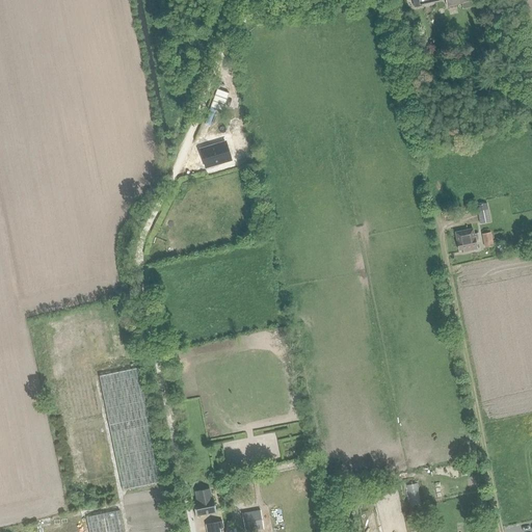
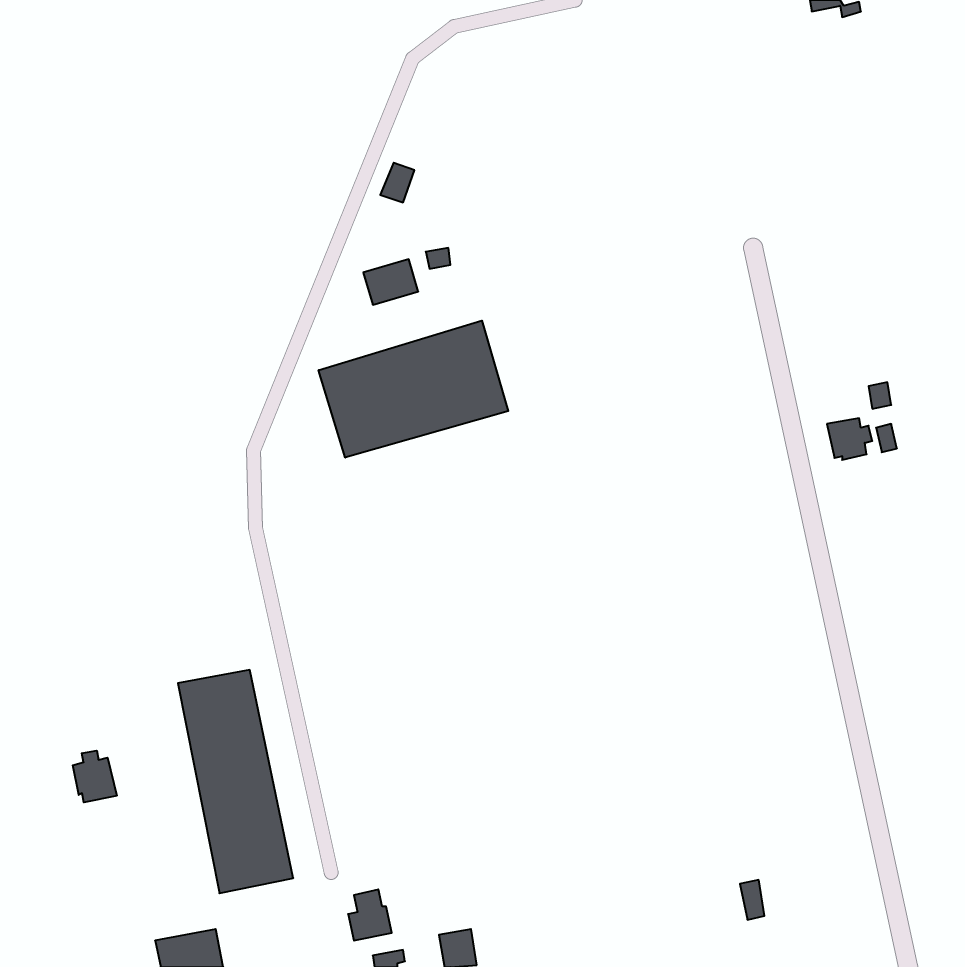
building: none -> [319,321,508,458]
building: none -> [73,751,117,802]

